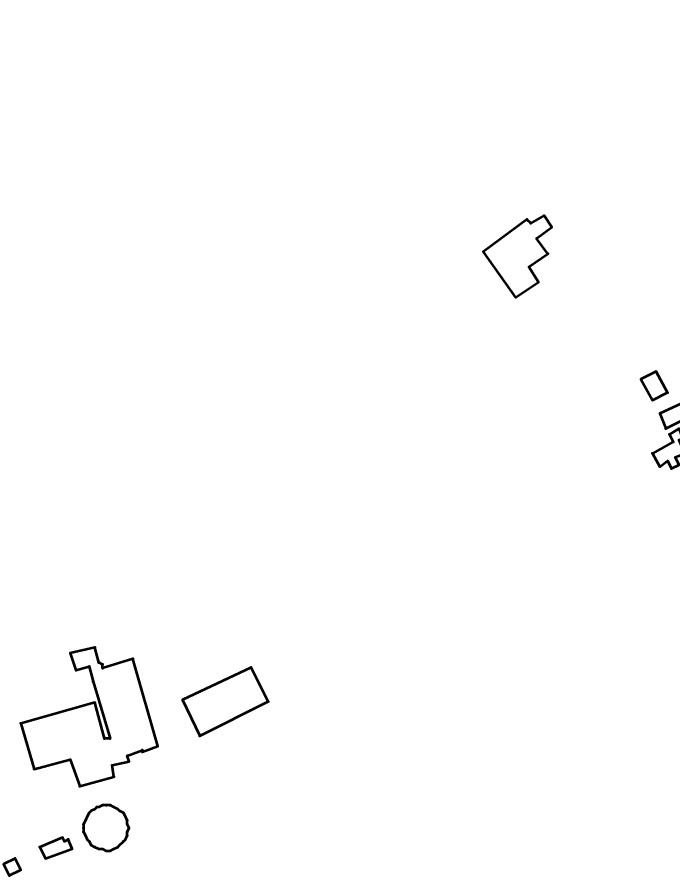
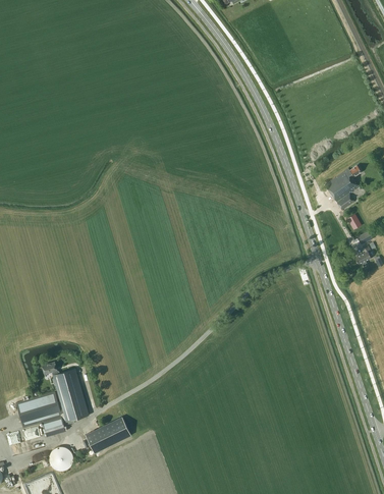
building: [483,216,552,297] -> [325,166,362,210]
building: [183,667,268,736] -> [86,417,131,453]

